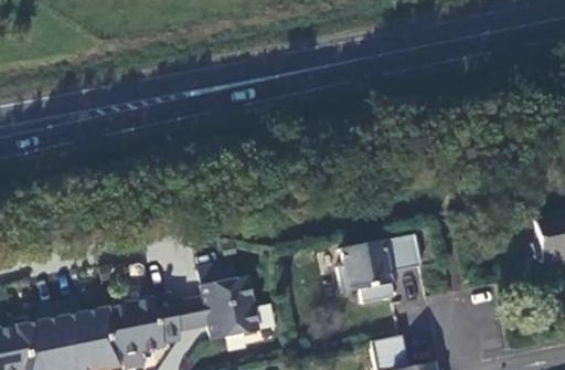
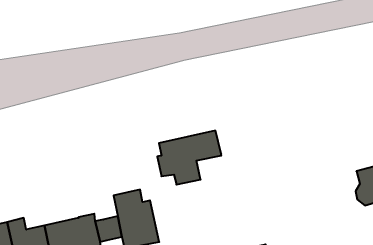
building: [335,232,420,304] -> [157,131,221,185]

